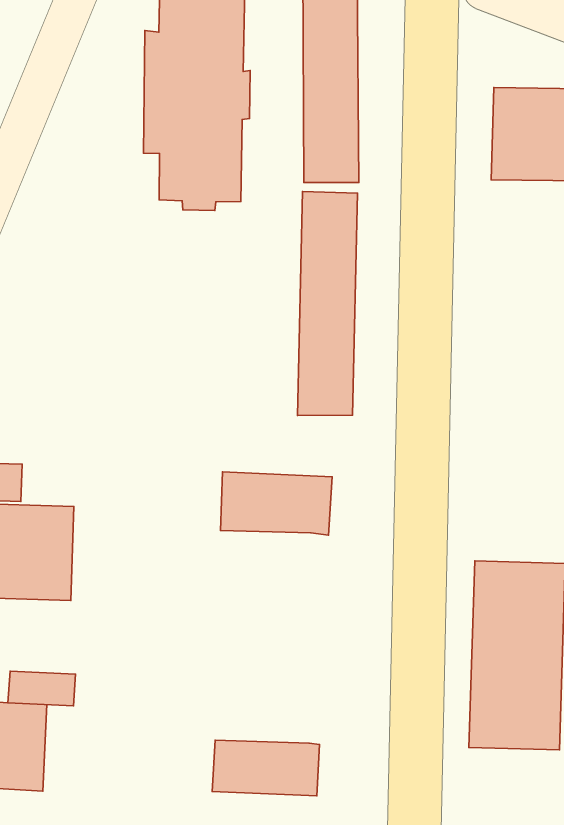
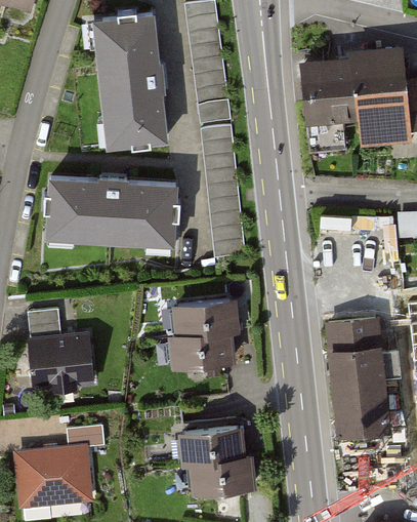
building: none -> [43,184,180,248]
building: none -> [169,330,232,362]
building: none -> [178,425,244,456]

